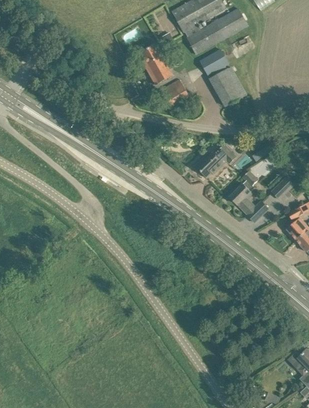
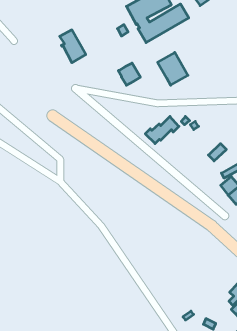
building: [141,45,173,85] -> [60,30,86,63]
building: [200,49,229,76] -> none
building: [230,171,269,223] -> none

